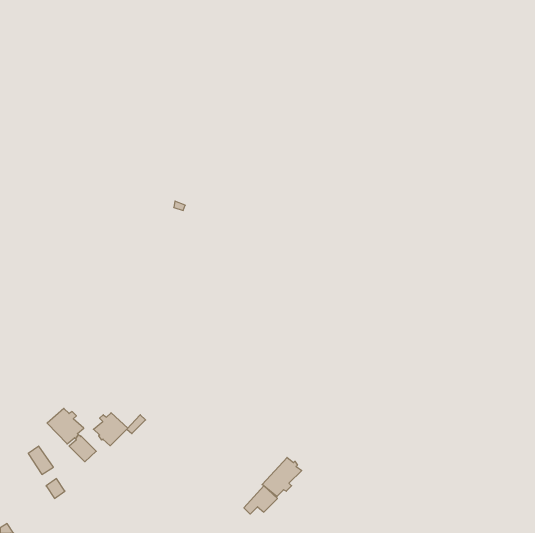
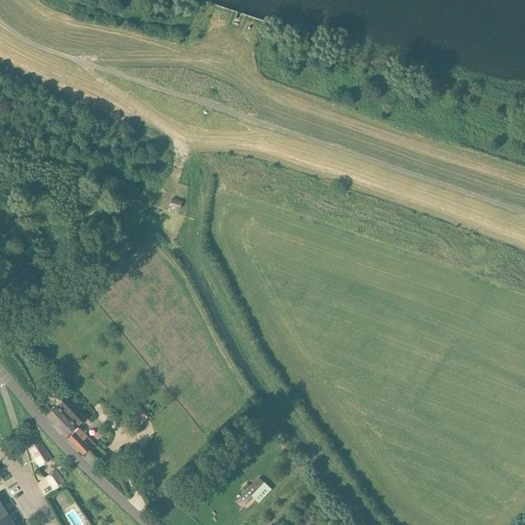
building: [93,413,128,446] -> none
building: [262,457,302,497] -> none

